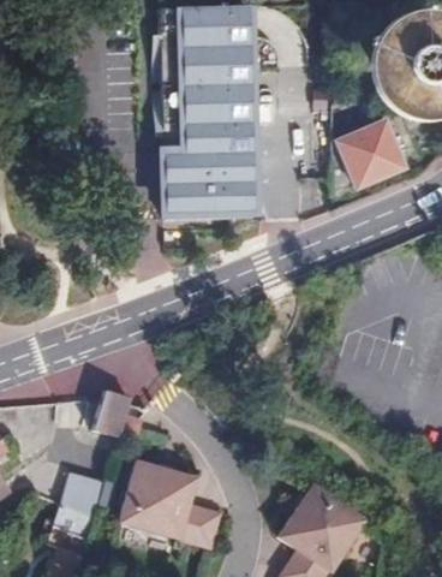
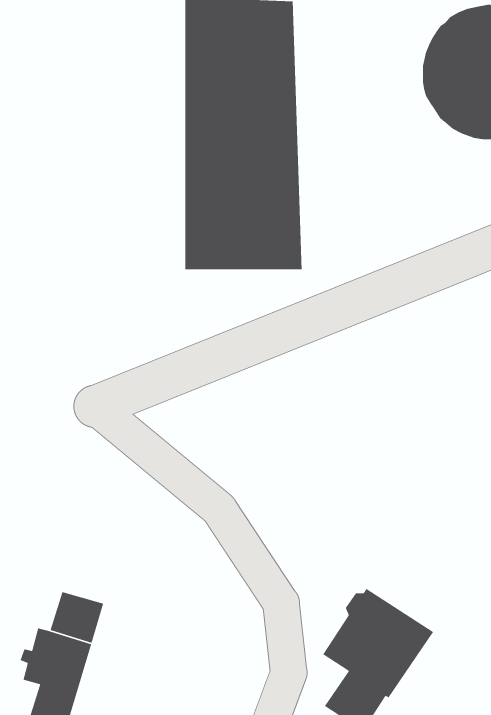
building: [341,120,405,184] -> none
building: [92,393,131,441] -> none
building: [118,454,220,541] -> none

